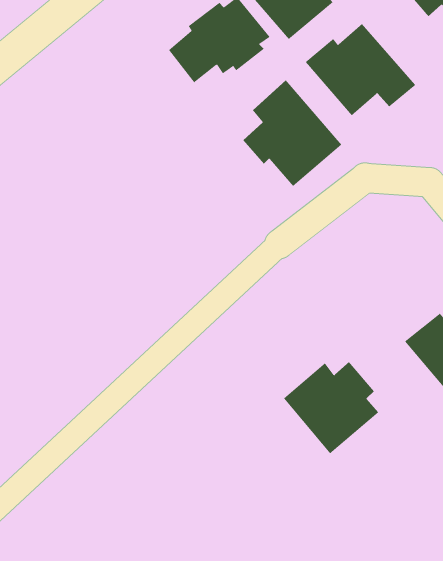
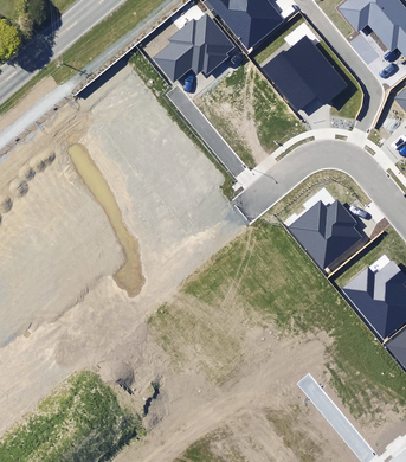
building: [243,79,342,187] -> none
building: [283,361,379,454] -> [286,198,362,271]

